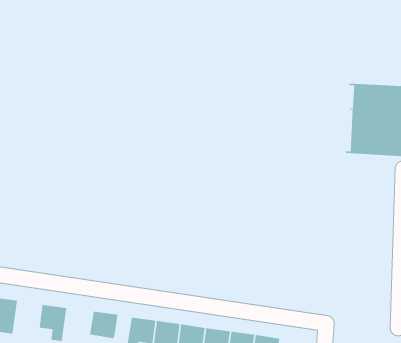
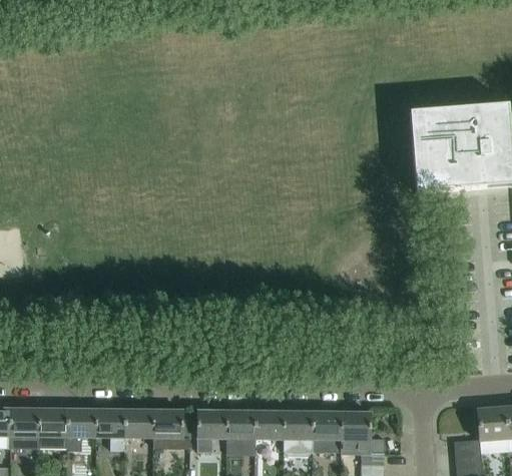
building: none -> [67,409,95,451]
building: none -> [124,410,154,437]

